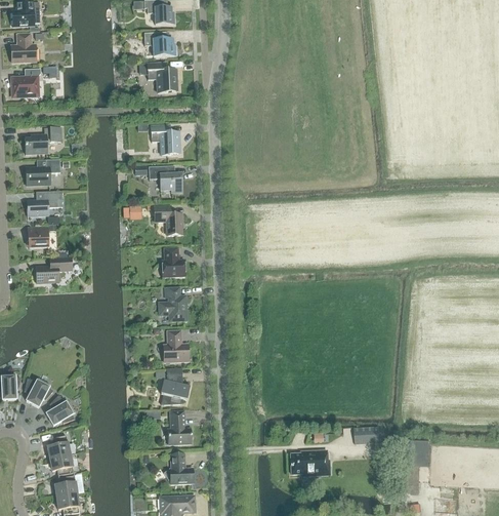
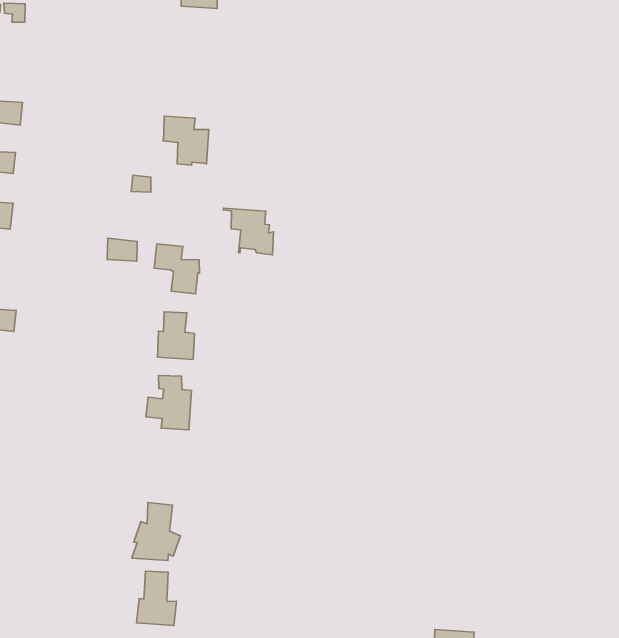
building: [148,63,178,92] -> none
building: [149,165,182,193] -> [223,208,274,255]
building: [164,330,189,362] -> none

